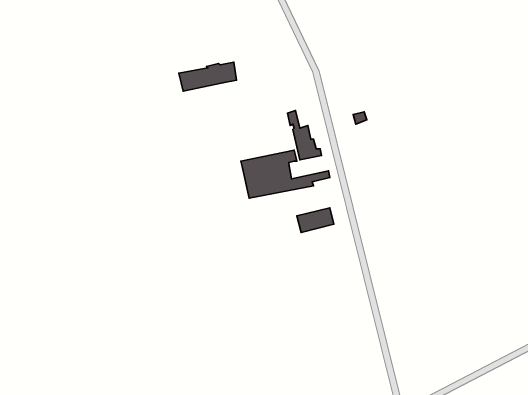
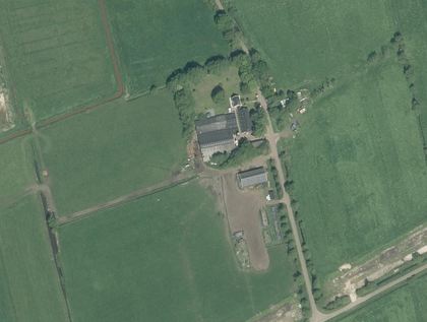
building: [179,62,236,91] -> [194,112,237,133]

